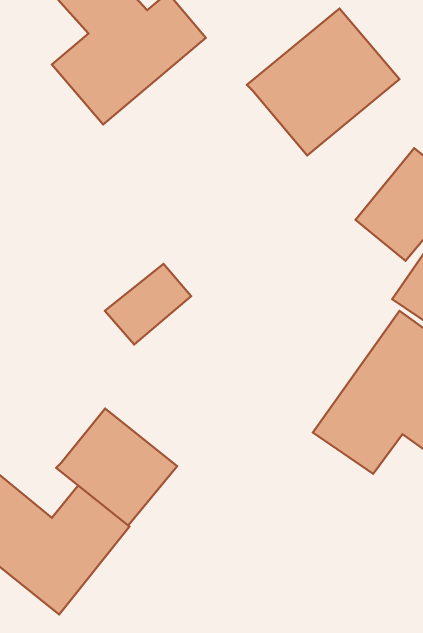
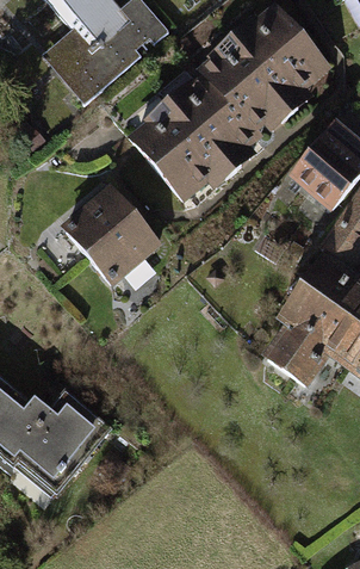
building: none -> [131,75,257,198]
building: none -> [58,181,135,254]
building: [56,409,177,525] -> none

